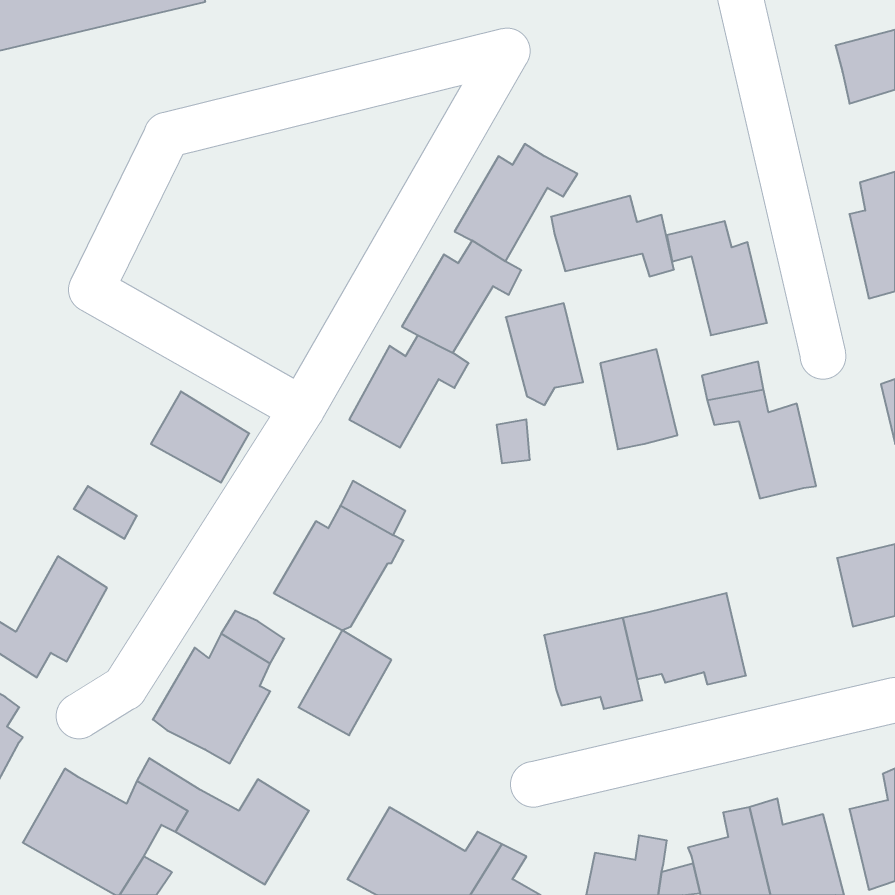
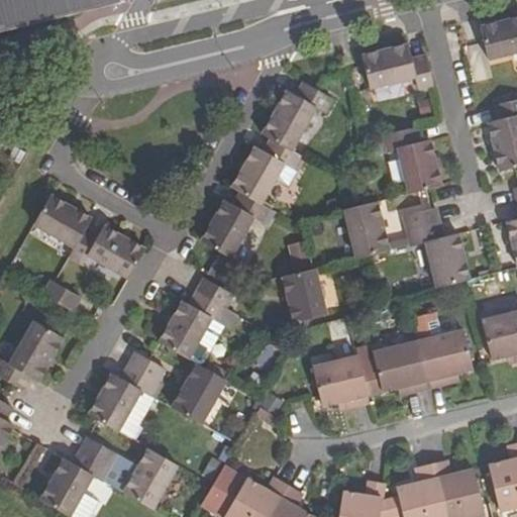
building: [551,196,674,276] -> [364,43,434,90]
building: [506,303,583,405] -> [282,269,326,327]
building: none -> [34,195,99,264]
building: none -> [413,315,473,389]

